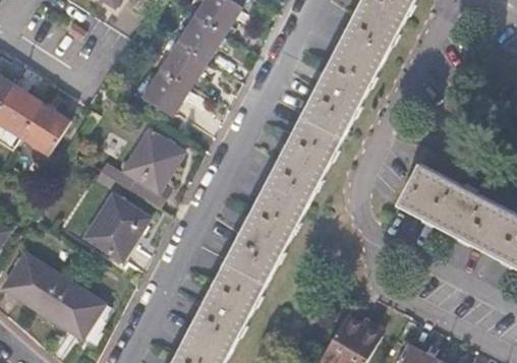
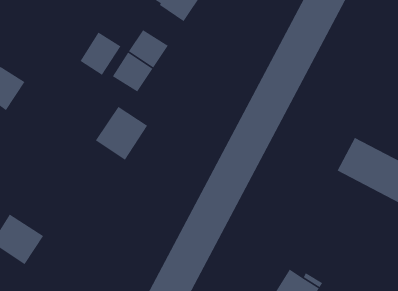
building: [176,15,223,61] -> none
building: none -> [80,32,121,76]
building: [19,103,70,155] -> none
building: [84,195,149,262] -> none
building: [41,279,102,338] -> none

